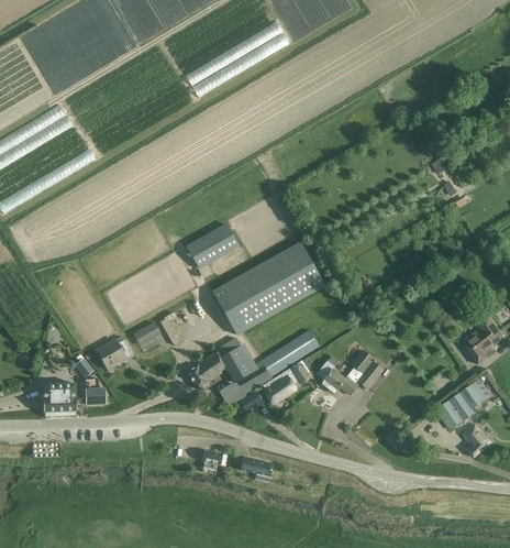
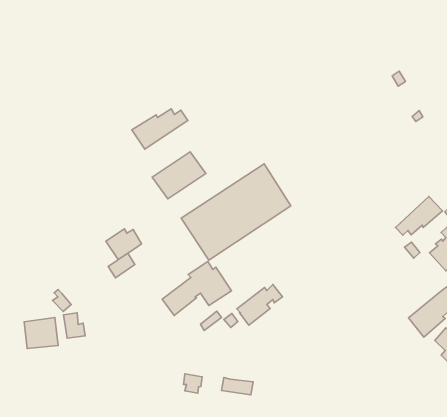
building: none -> [132,109,188,149]
building: none -> [396,197,443,235]
building: [260,329,320,377] -> none
building: [96,339,132,370] -> [106,229,142,260]
building: [317,350,382,395] -> none

